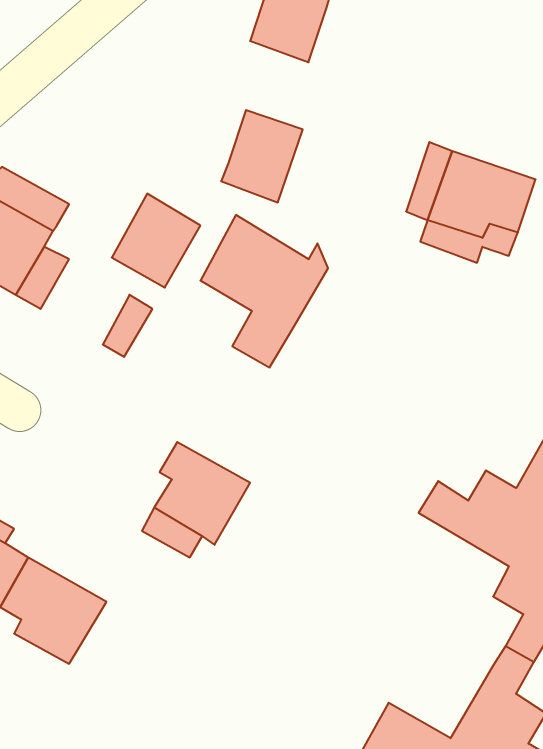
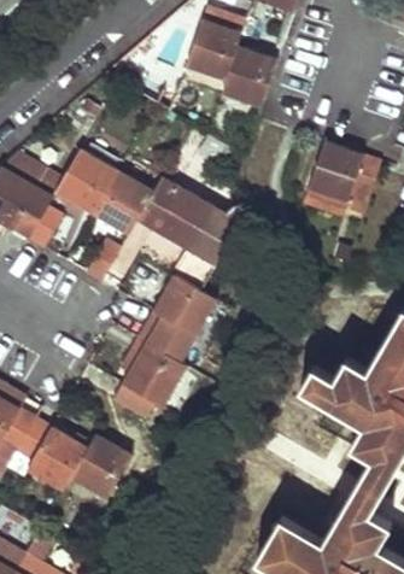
building: [221,110,303,202] -> [223,46,279,109]
building: none -> [57,150,118,215]
building: none -> [145,275,218,347]
building: none -> [72,435,133,499]

